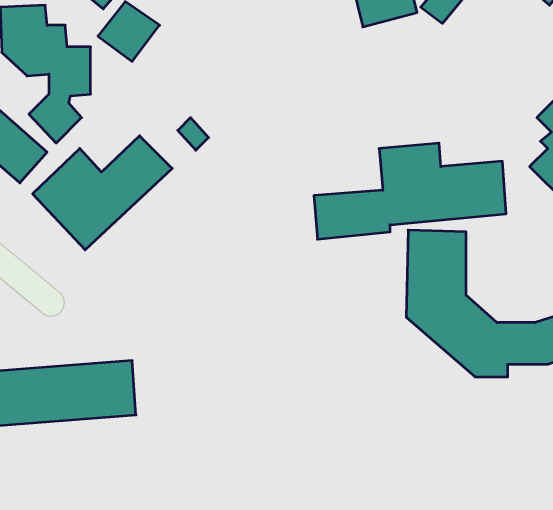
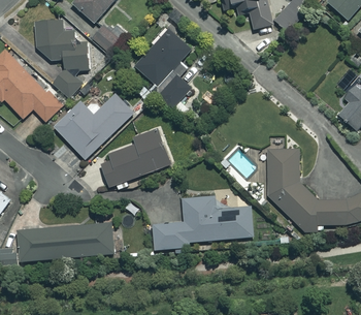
building: none -> [135,26,194,107]
building: [314,143,506,239] -> [145,195,255,250]
building: none -> [101,129,171,187]

